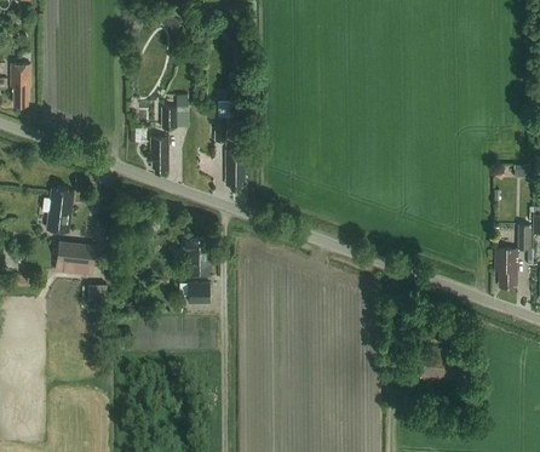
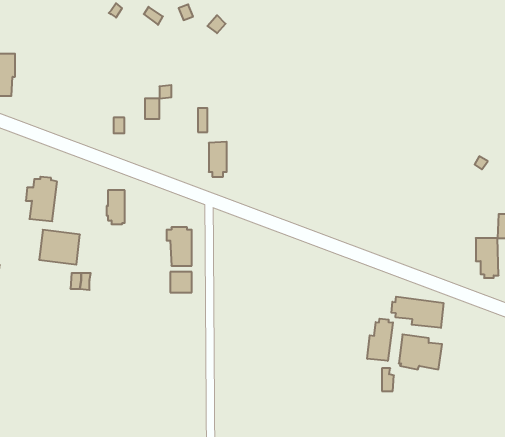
building: [150,138,168,172] -> [107,190,125,224]
building: none -> [391,297,443,328]
building: none -> [367,319,393,361]

